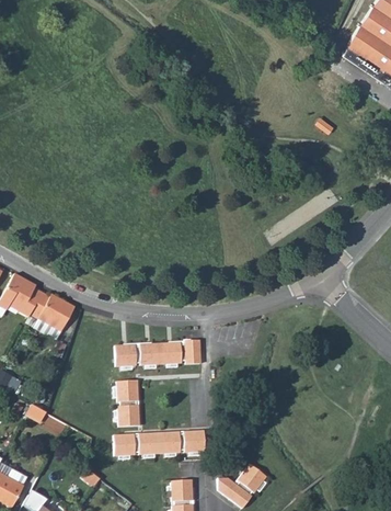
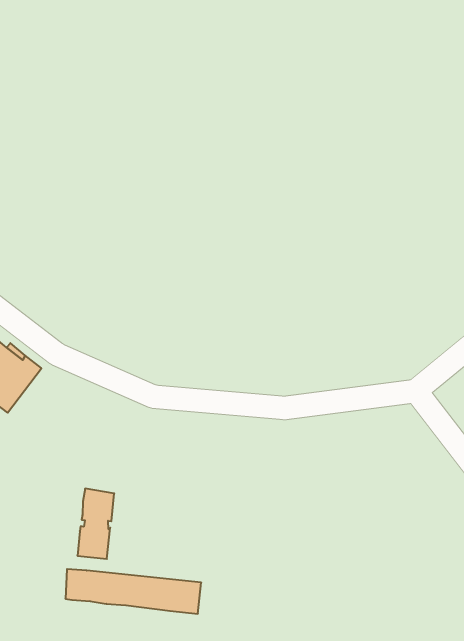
building: [116,339,202,366] -> none

